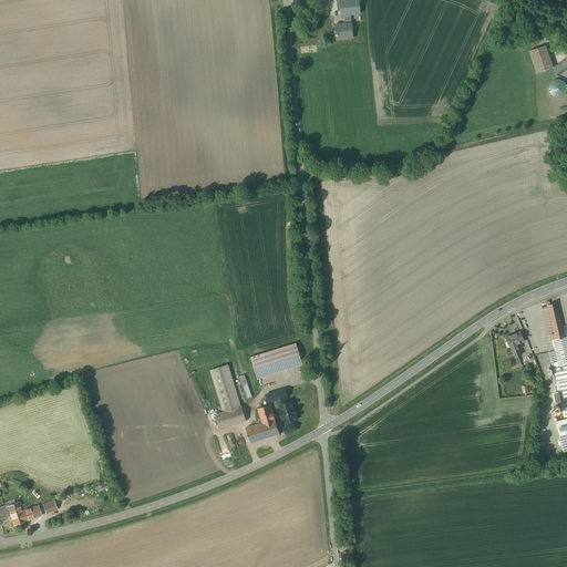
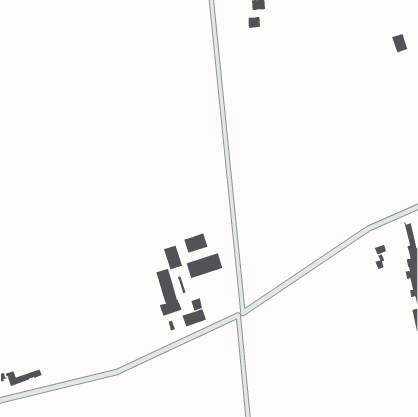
building: none -> [184,233,208,254]
building: none -> [163,245,183,270]

